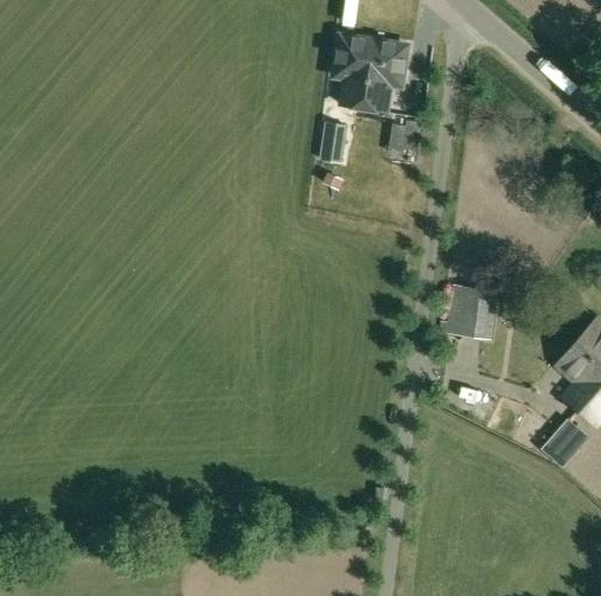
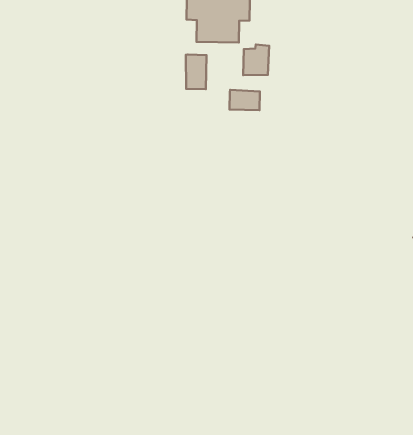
building: none -> [230,90,260,110]
building: [448,284,497,338] -> none

